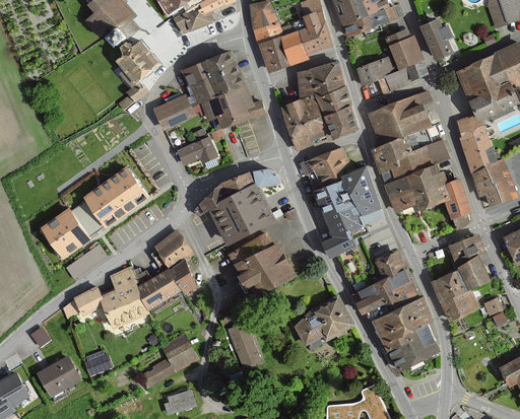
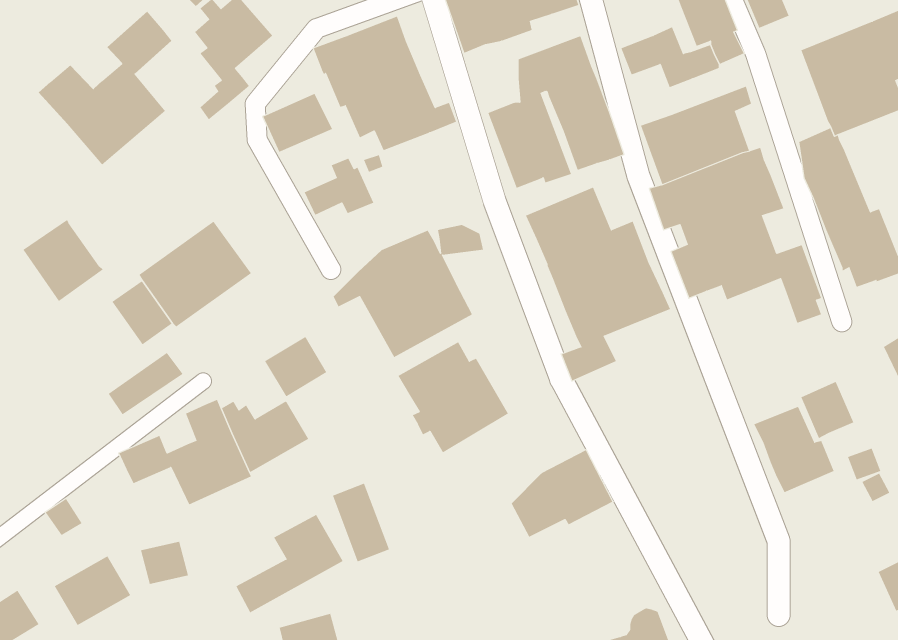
building: none -> [38,11,172,166]
building: [43,211,88,258] -> [23,219,103,302]
building: [450,235,484,263] -> none
building: [356,253,438,370] -> none
building: [169,261,195,293] -> none
building: [230,324,262,368] -> [332,483,390,562]

